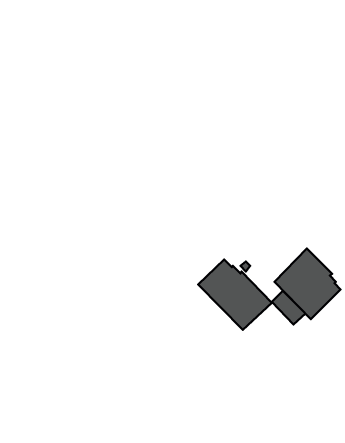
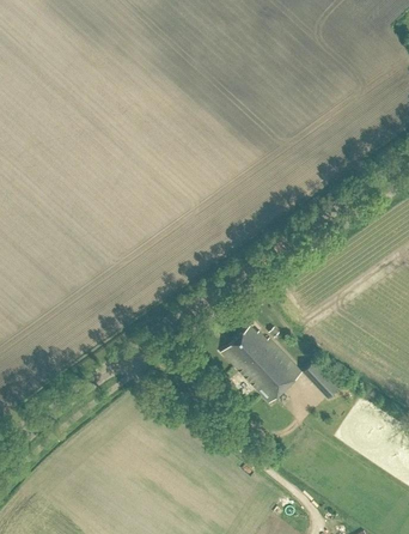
building: [274,249,341,319] -> none

